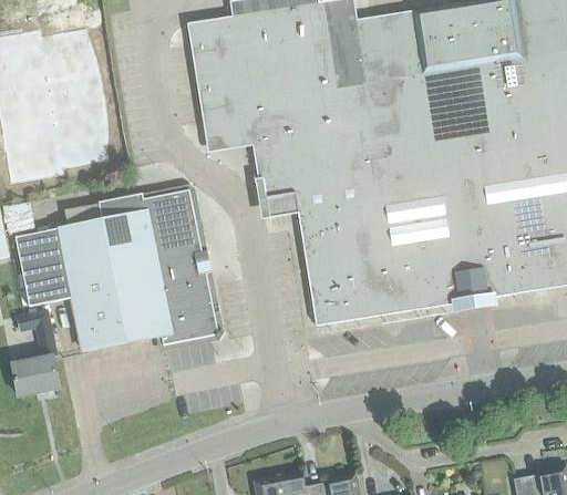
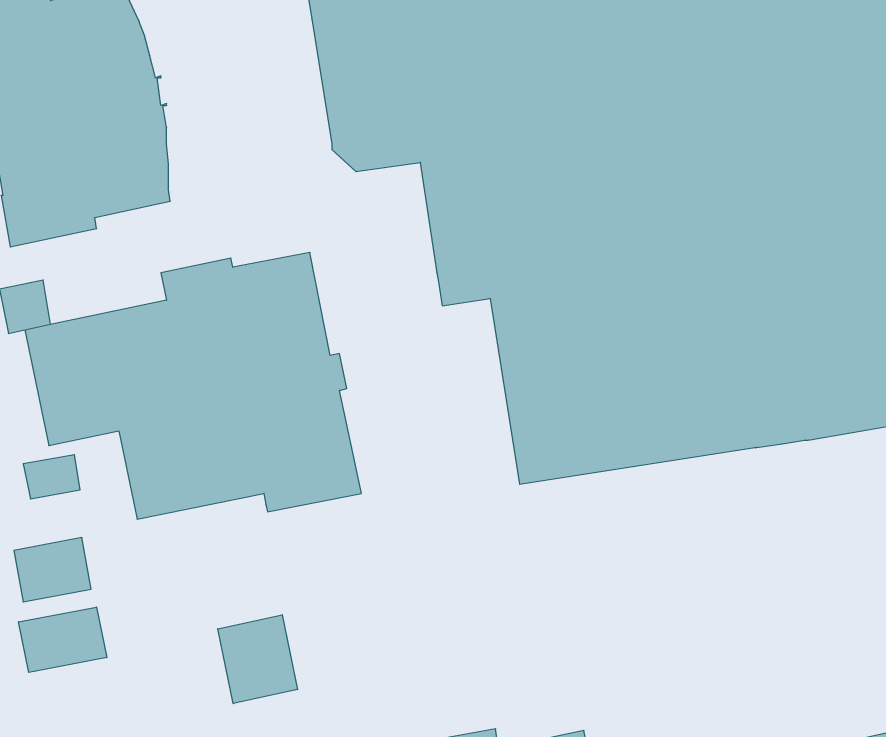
building: none -> [19,607,107,672]
building: none -> [218,615,298,704]

